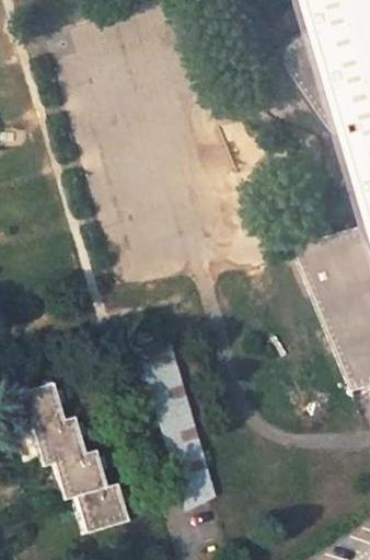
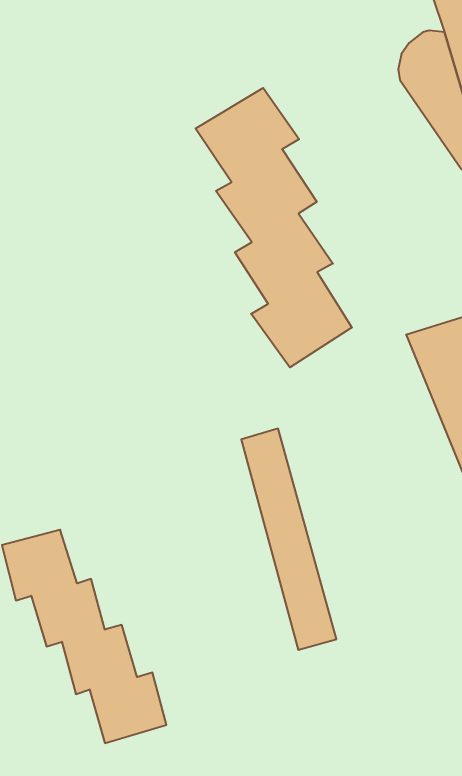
building: none -> [196,88,352,367]
building: [144,349,212,506] -> [241,429,336,650]

